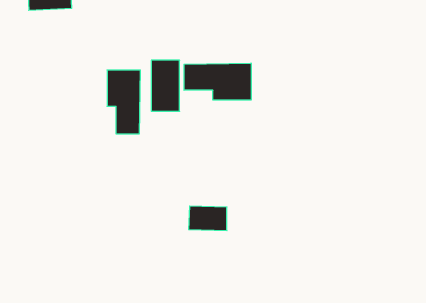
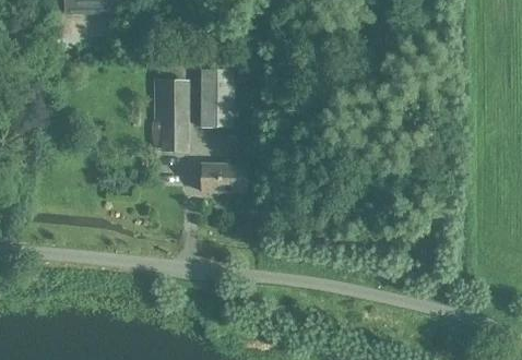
building: [184,63,251,100] -> none
building: [189,206,227,231] -> [201,165,244,192]

